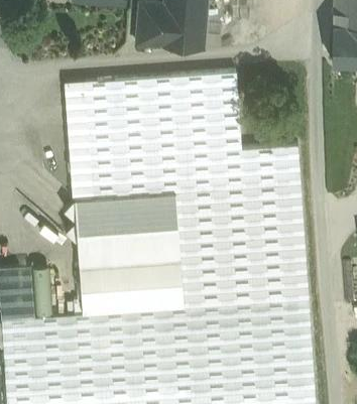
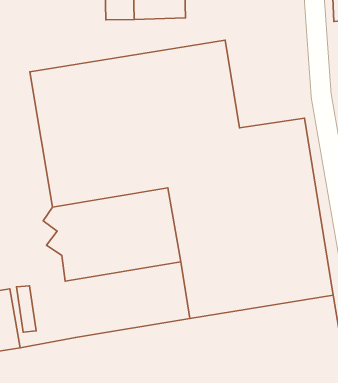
building: [80,258,184,314] -> none

